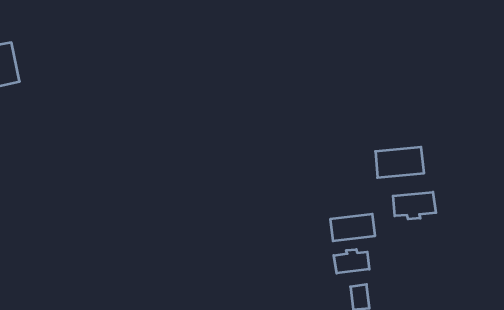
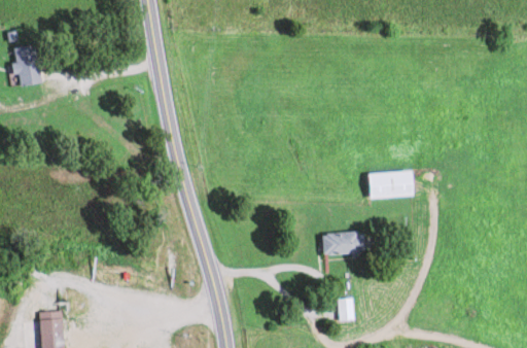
building: [393,192,436,219] -> none
building: [334,249,369,273] -> none

